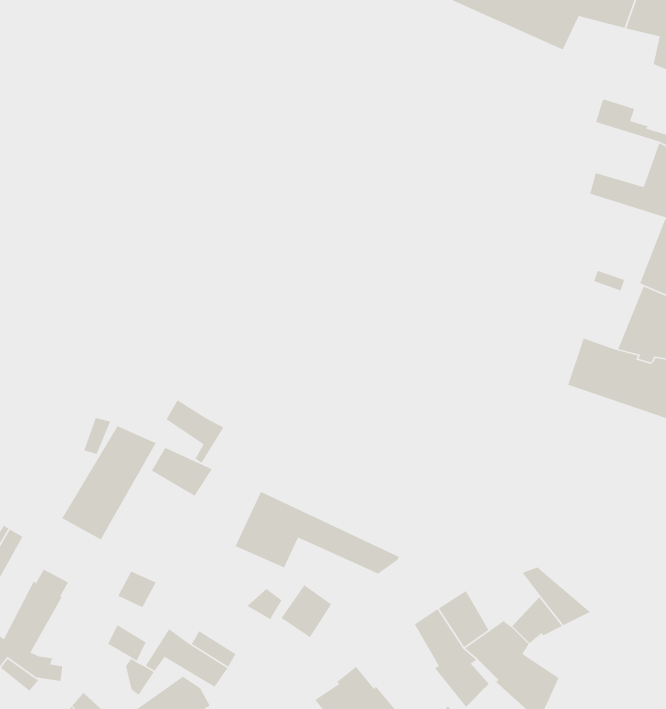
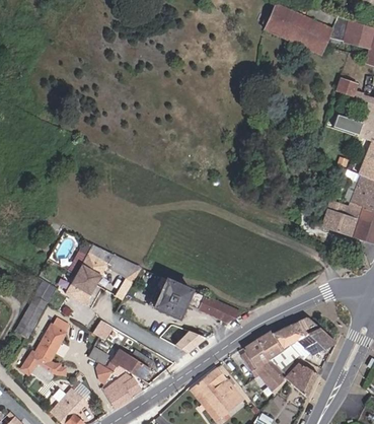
building: [165,399,225,464] -> none
building: none -> [273,321,308,350]

